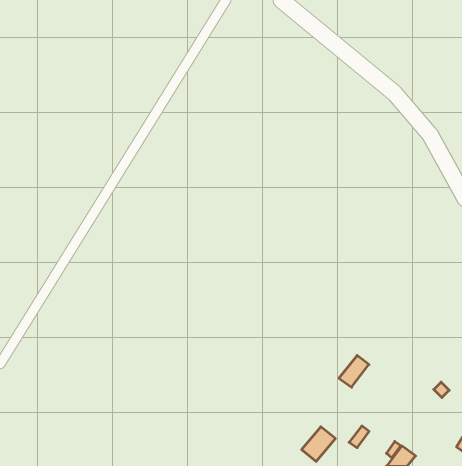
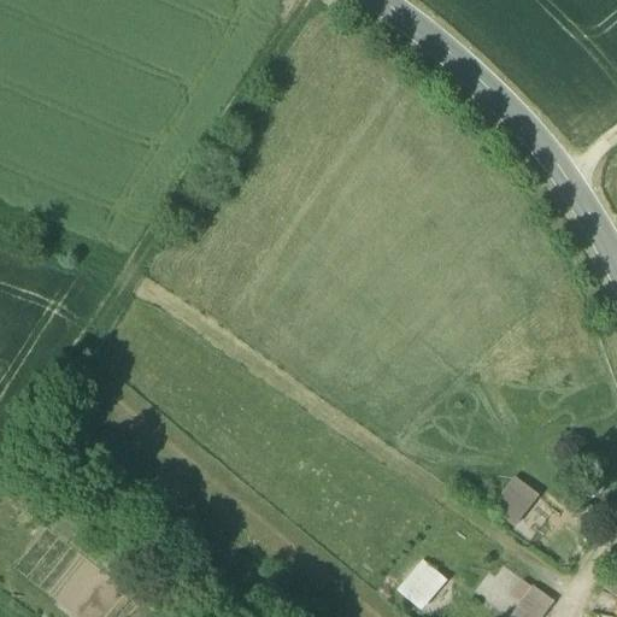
building: [339,355,369,387] -> [494,481,534,523]

